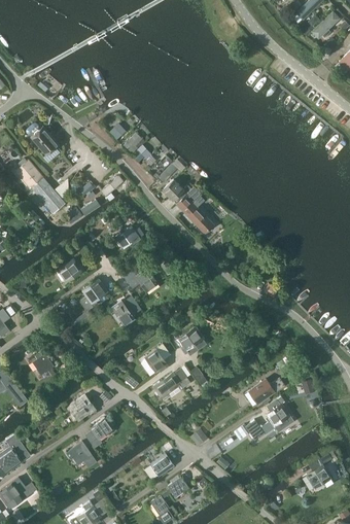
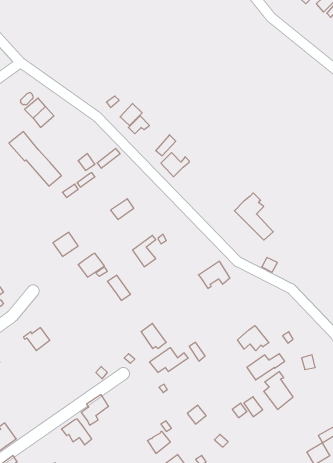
building: [176,186,214,233] -> [234,193,273,240]
building: [175,326,206,353] -> [198,261,230,288]
building: none -> [238,326,269,351]
building: [68,390,95,420] -> none

